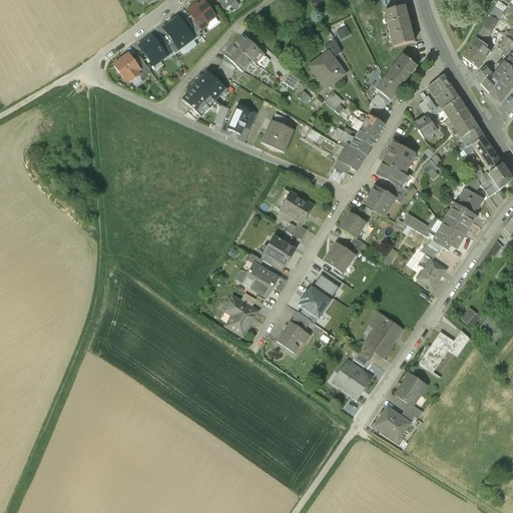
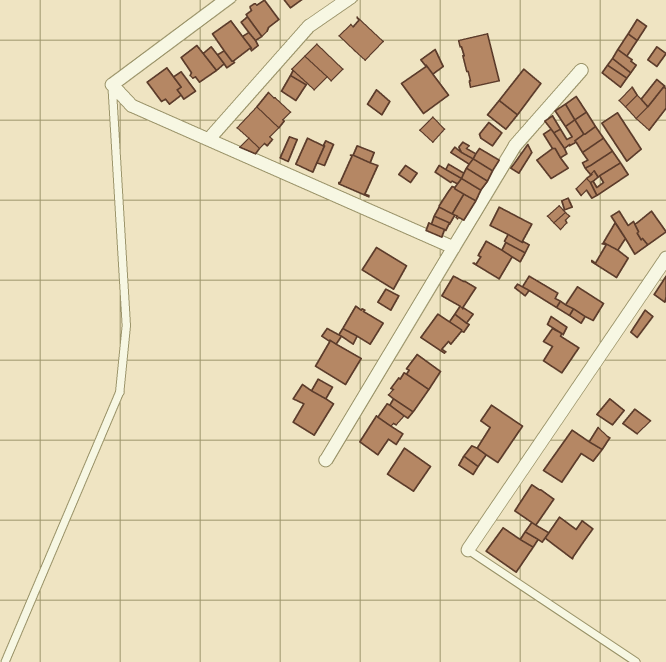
building: [384,4,415,45] -> [459,34,499,87]
building: none -> [339,17,383,60]
building: [471,134,501,171] -> [602,113,641,161]
building: [384,142,414,170] -> none
building: [444,201,475,233] -> none
building: [336,362,369,395] -> [387,448,430,491]
building: none -> [545,517,593,559]

